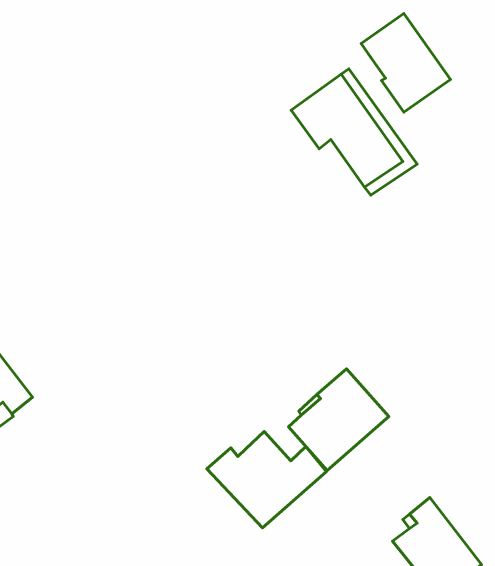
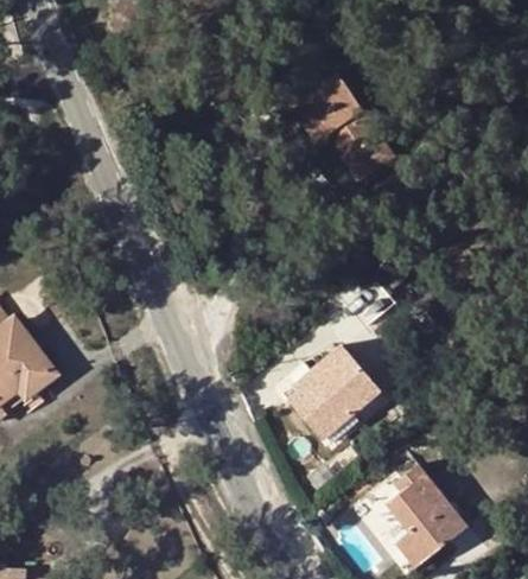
building: [361,14,451,112] -> none
building: [207,432,327,528] -> none

